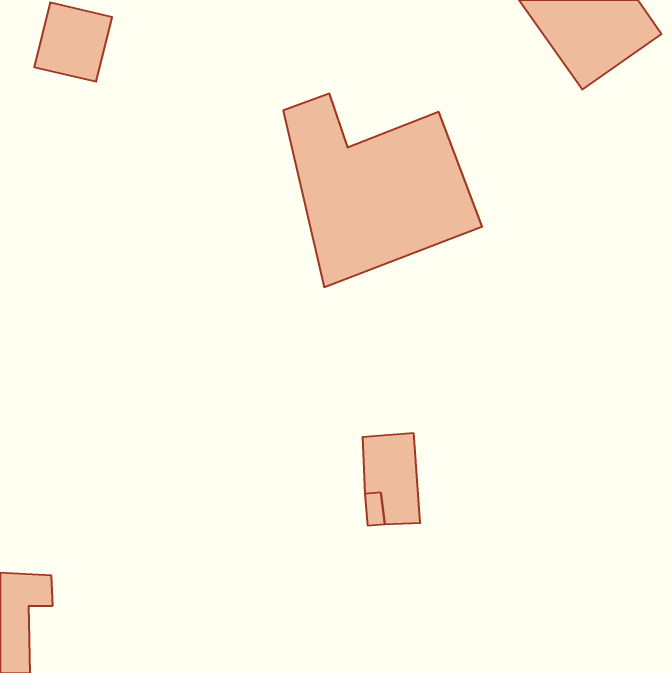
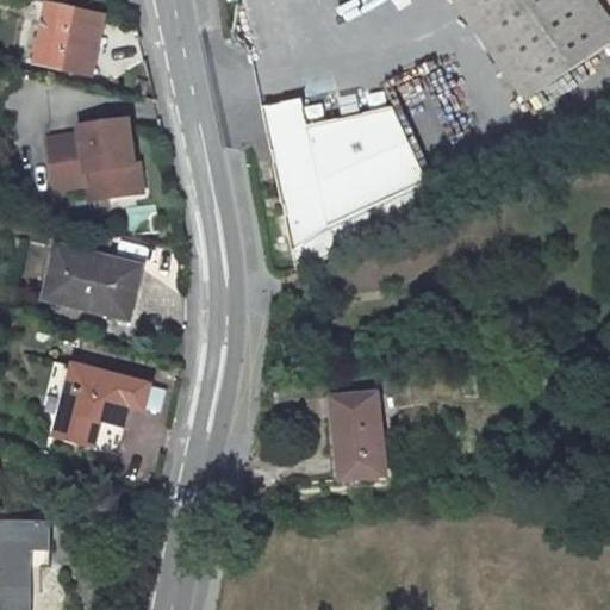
building: none -> [44,113,142,191]
building: none -> [46,244,135,312]
building: none -> [52,361,150,449]

